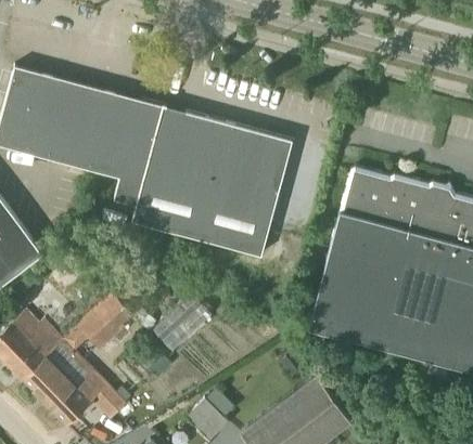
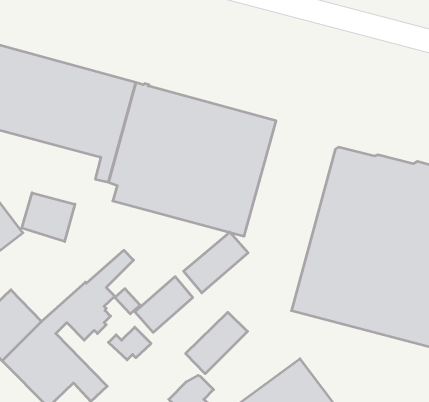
building: none -> [22,193,75,242]
building: none -> [184,232,248,293]
building: none -> [186,312,248,374]

